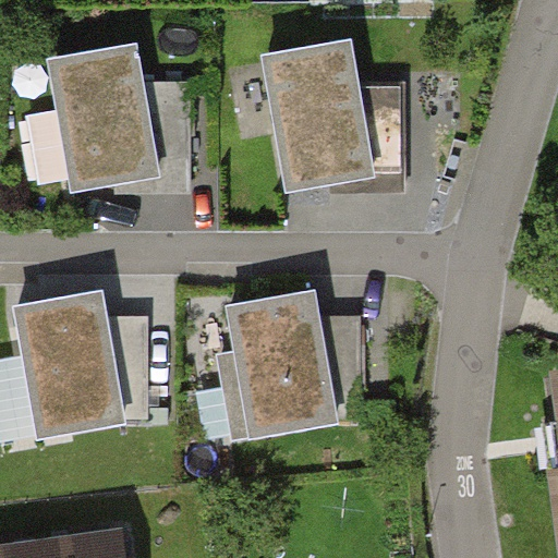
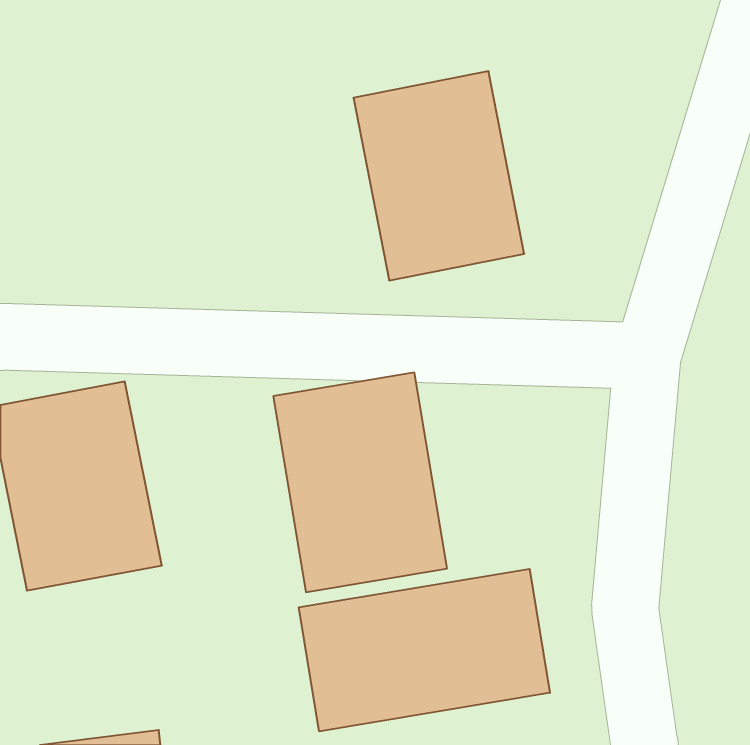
building: [37,47,162,201] -> none
building: none -> [299,569,550,731]

